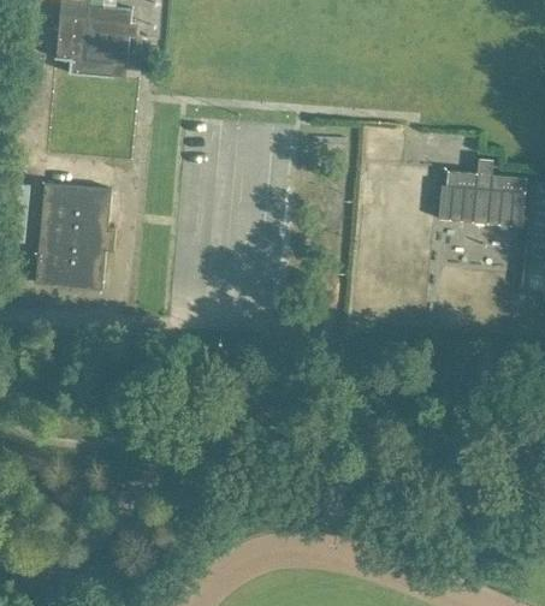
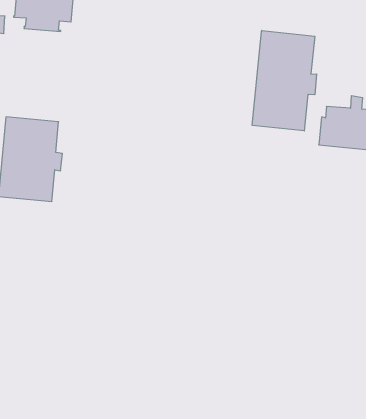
building: none -> [252,30,317,131]

